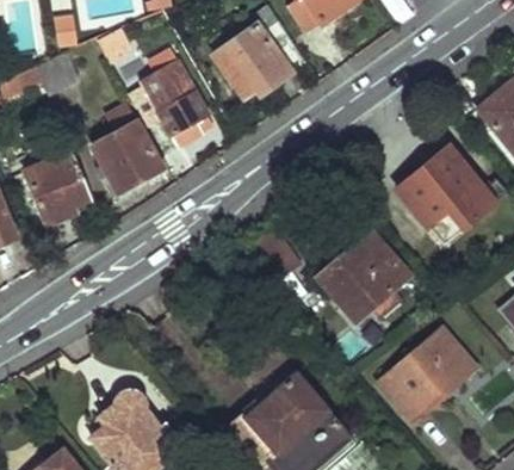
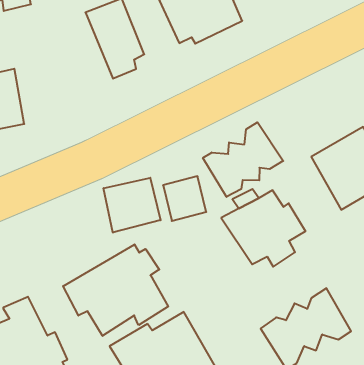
building: [89,100,159,194] -> none
building: none -> [203,122,283,197]
building: none -> [104,178,161,233]
building: none -> [63,244,168,336]

